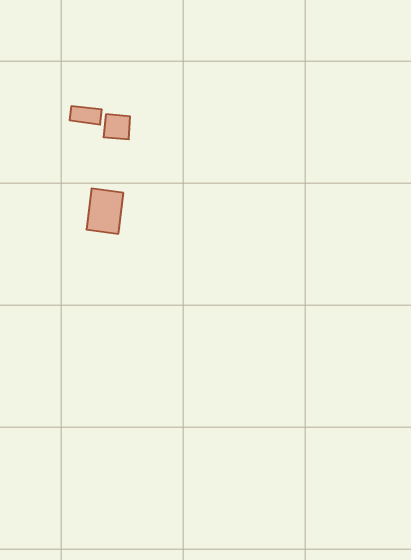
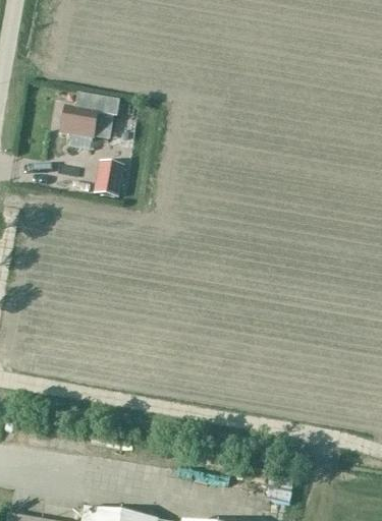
building: none -> [61,108,96,137]

